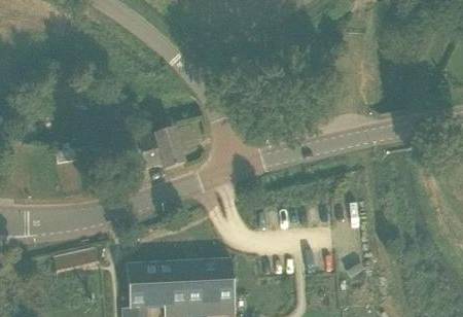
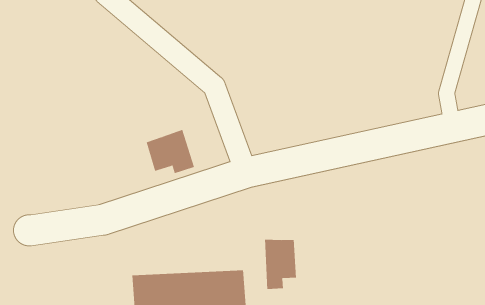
building: none -> [264,239,297,290]

